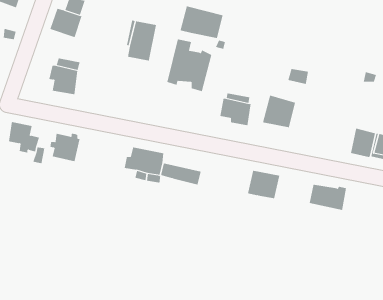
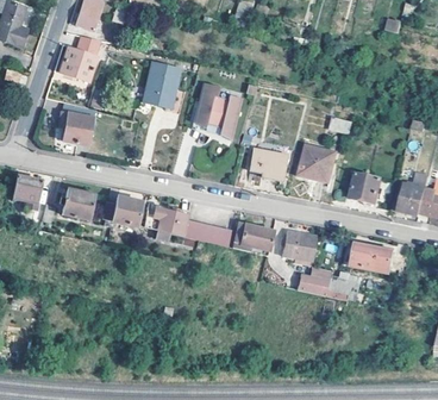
building: [180,6,223,39] -> none
building: none -> [350,173,380,205]
building: none -> [105,194,142,226]
building: none -> [232,221,273,255]
building: none -> [296,264,333,295]

